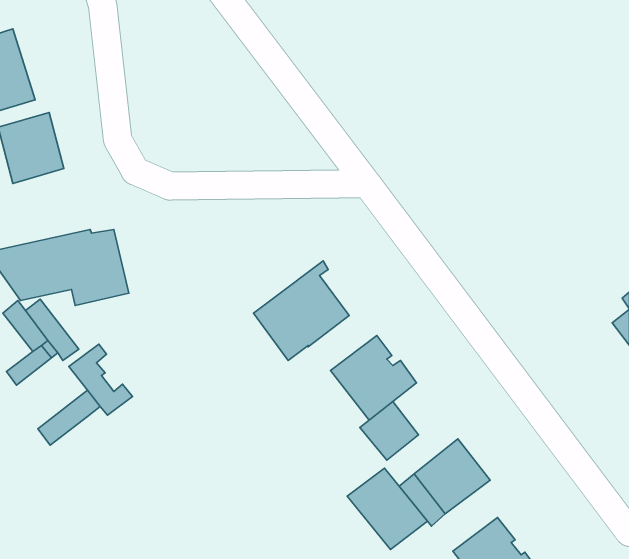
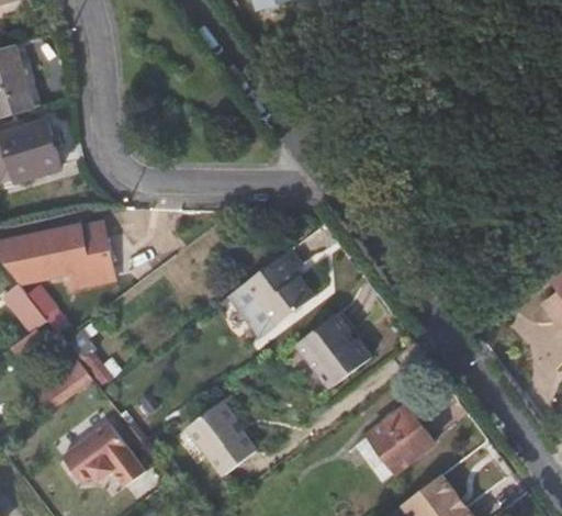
building: [360,402,419,460] -> none
building: none -> [188,400,258,474]
building: none -> [60,422,144,485]
building: [347,468,428,549] -> none

